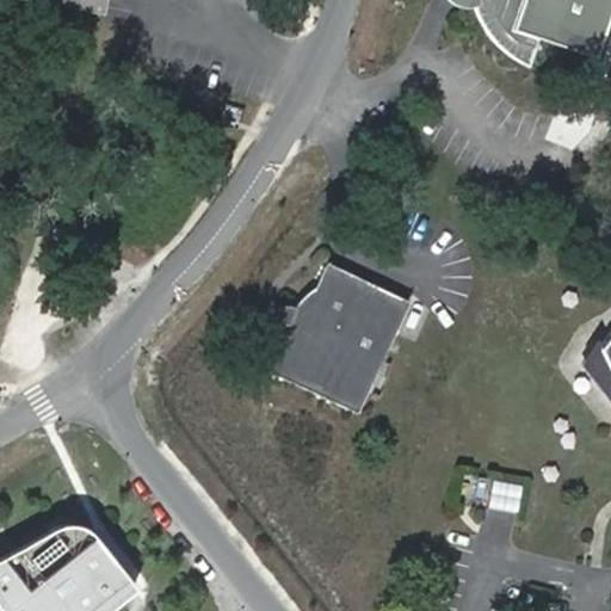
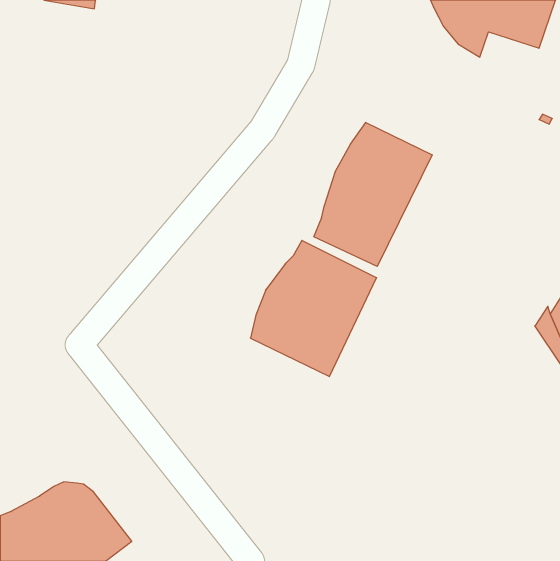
building: none -> [314,122,432,266]

